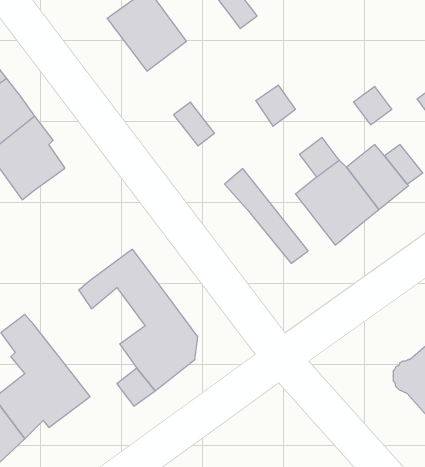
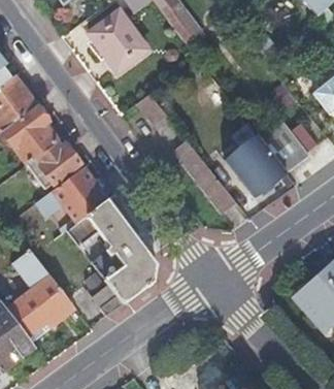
building: none -> [36,141,79,184]
building: none -> [39,166,107,223]

